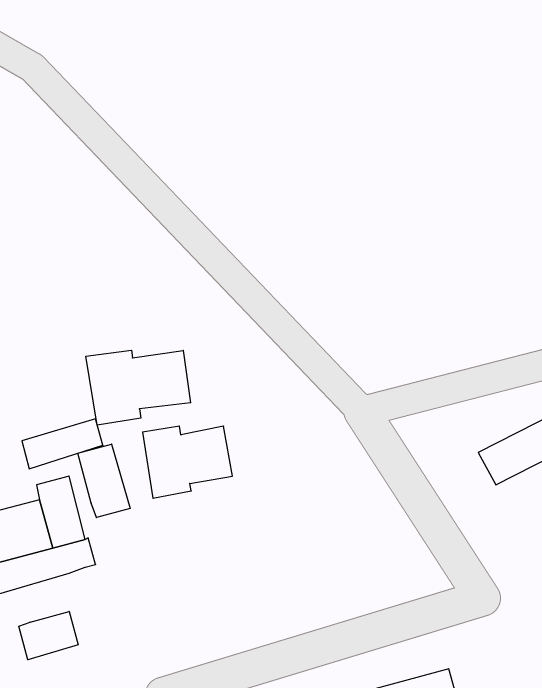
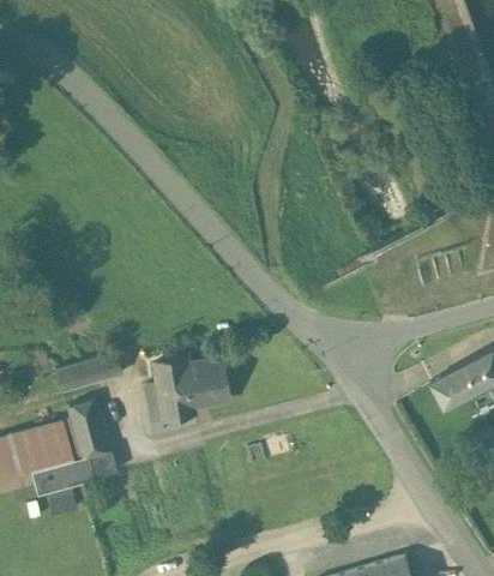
building: [86,350,191,425] -> none
building: [78,444,130,518] -> none
building: [19,611,78,660] -> none

